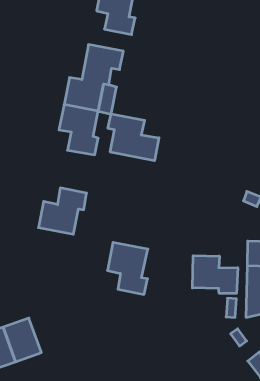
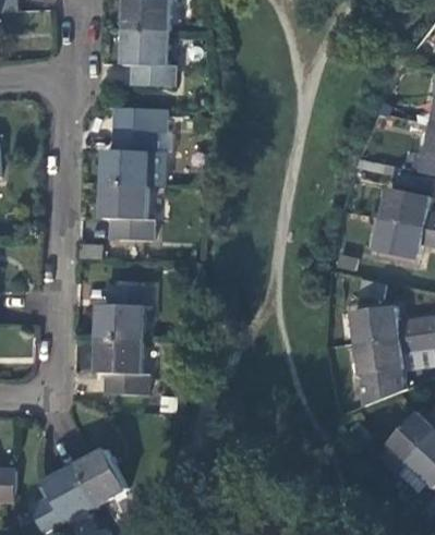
building: [108,114,159,161] -> none
building: [107,242,148,294] -> [95,338,145,394]
building: [192,256,238,293] -> none

